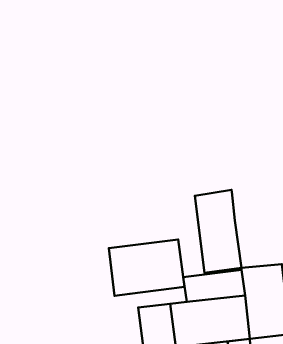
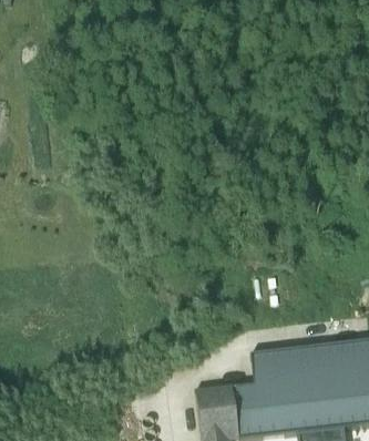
building: [195,190,241,273] -> none
building: [109,240,185,296] -> none

